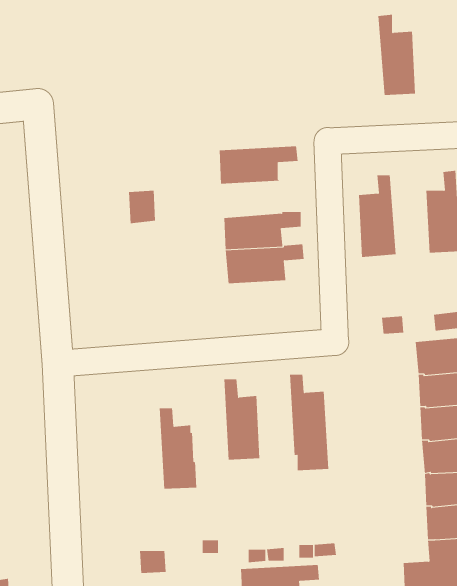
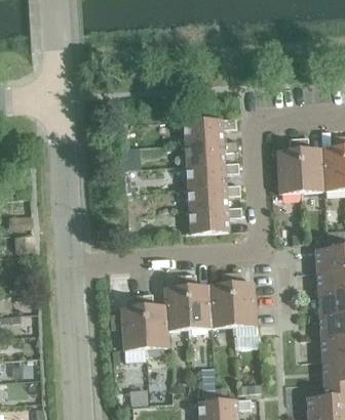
building: [378,14,416,95] -> [297,137,322,192]
building: none -> [183,140,236,167]
building: none -> [188,207,240,234]
building: none -> [207,271,232,328]
building: none -> [162,275,188,330]
building: none -> [119,294,145,350]

